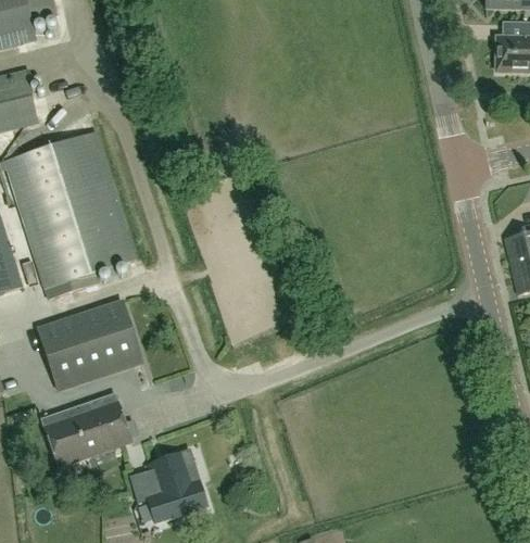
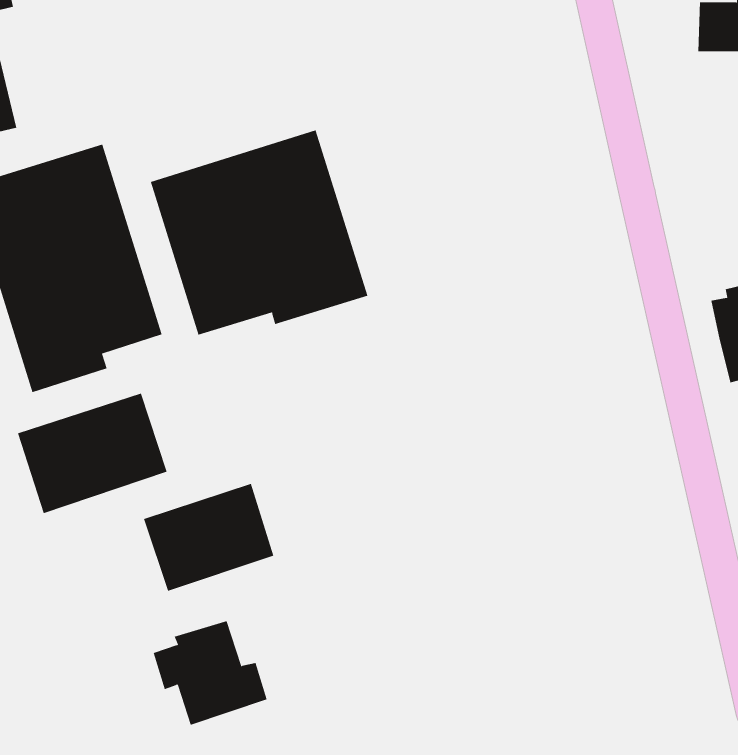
building: none -> [150,130,368,335]
building: [42,393,130,466] -> [143,483,274,591]

